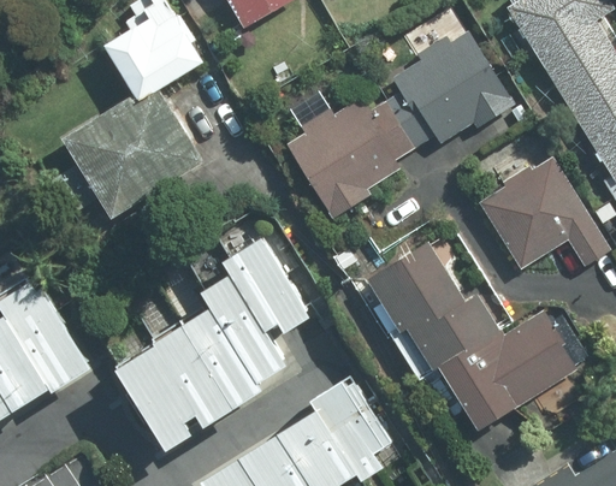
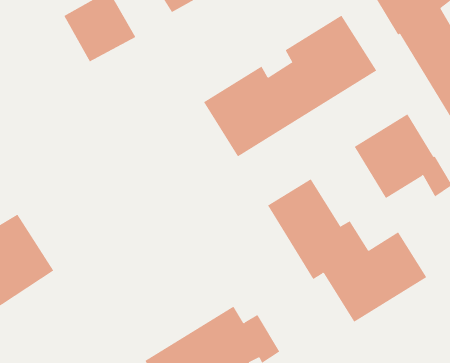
building: [67,88,201,215] -> none
building: [123,235,309,440] -> none

